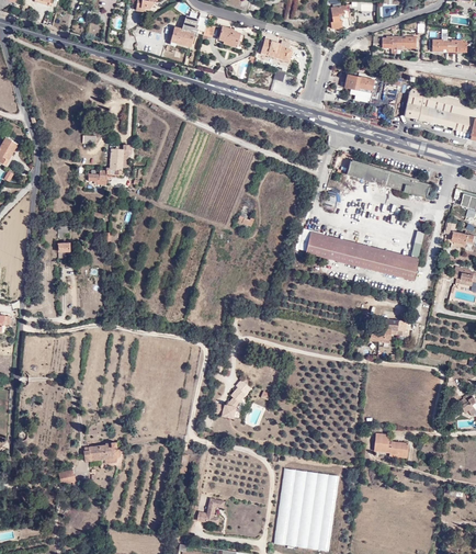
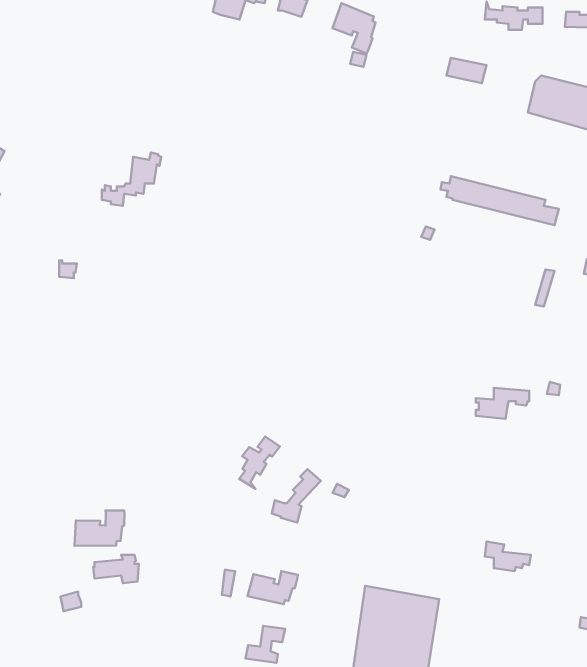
building: [306,236,417,279] -> none
building: none -> [239,437,280,489]
building: none -> [75,510,125,546]
building: none -> [248,571,298,604]

